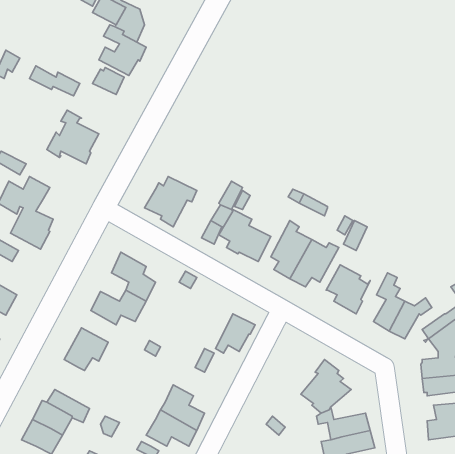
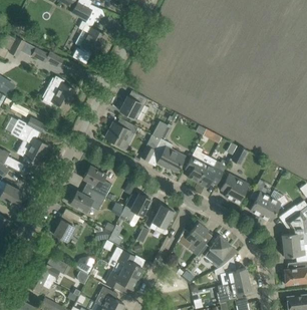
building: none -> [119,94,147,119]
building: none -> [119,193,150,221]
building: none -> [185,219,208,255]

